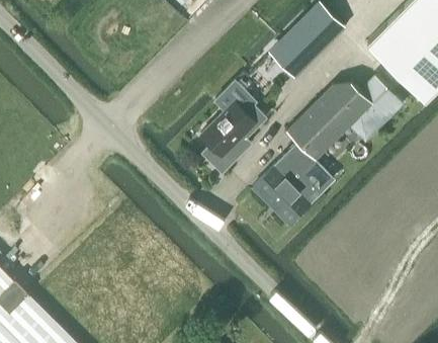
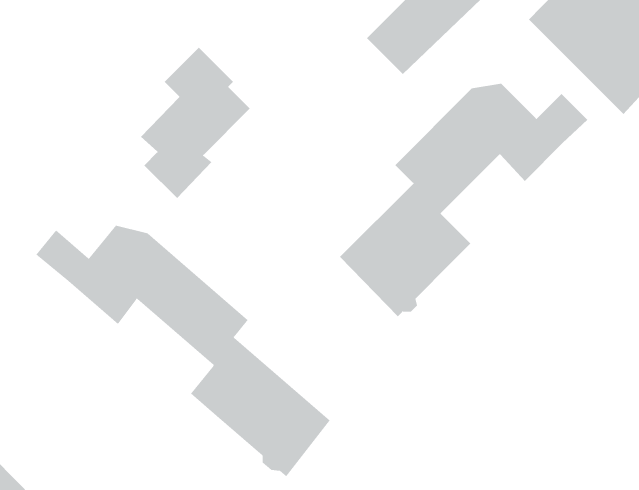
building: [199,82,266,174] -> [140,47,251,199]
building: none -> [35,225,330,477]

